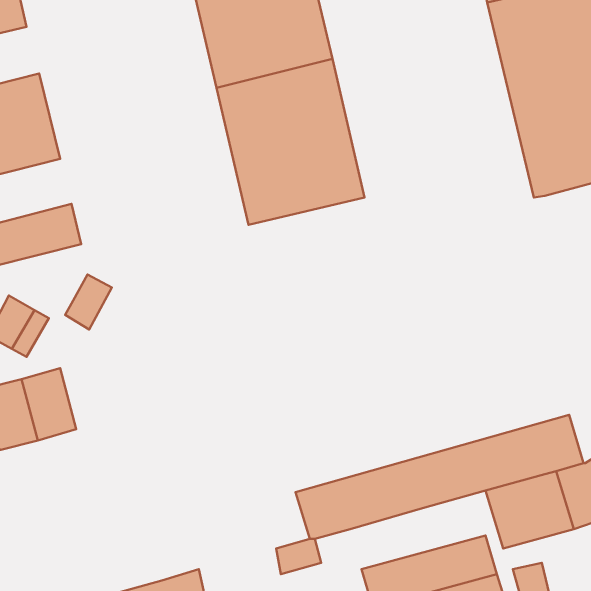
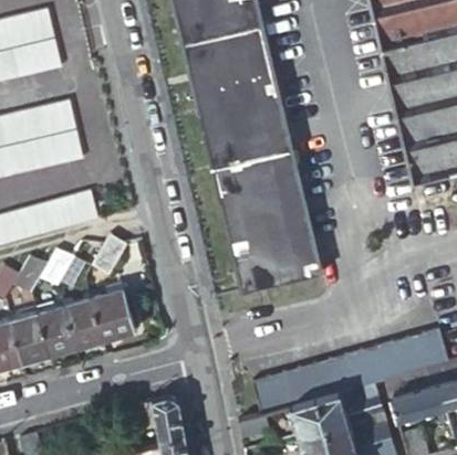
building: none -> [219,181,321,293]
building: none -> [90,289,134,340]
building: none -> [289,394,382,436]
building: none -> [133,395,185,444]

